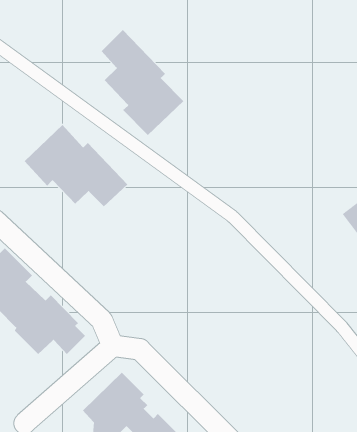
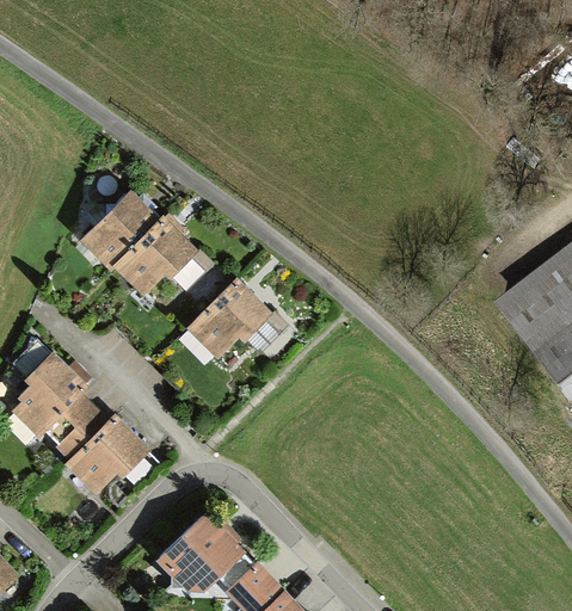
building: [101,29,184,136] -> none
building: none -> [187,278,285,356]

